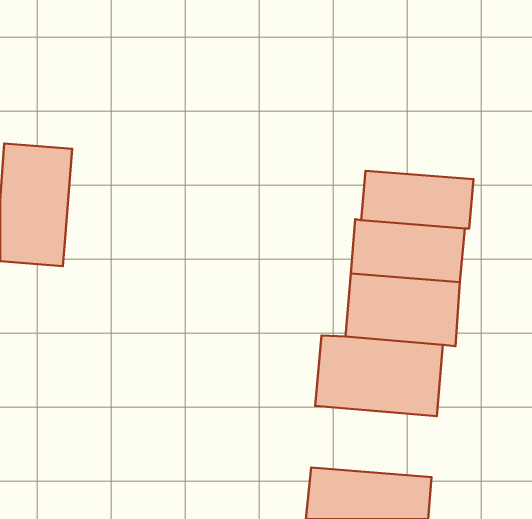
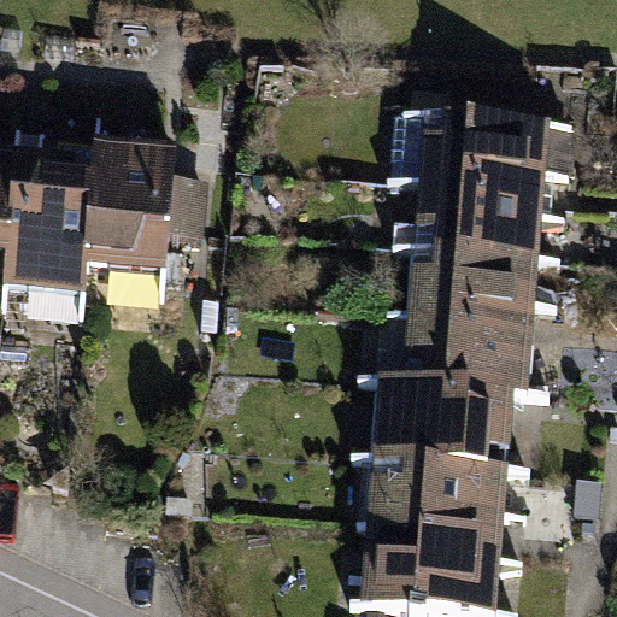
building: none -> [424,124,554,206]
building: none -> [78,151,171,286]
building: none -> [362,466,506,548]

